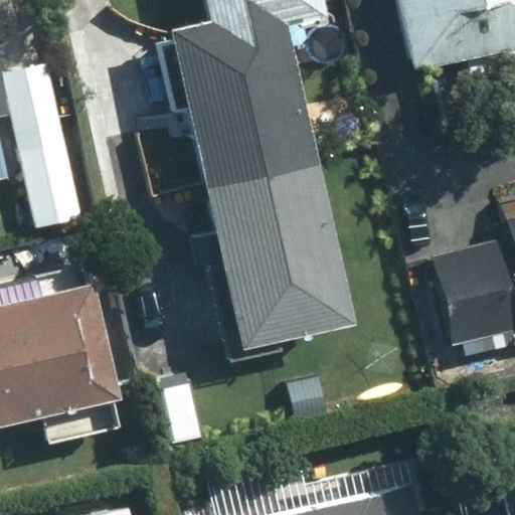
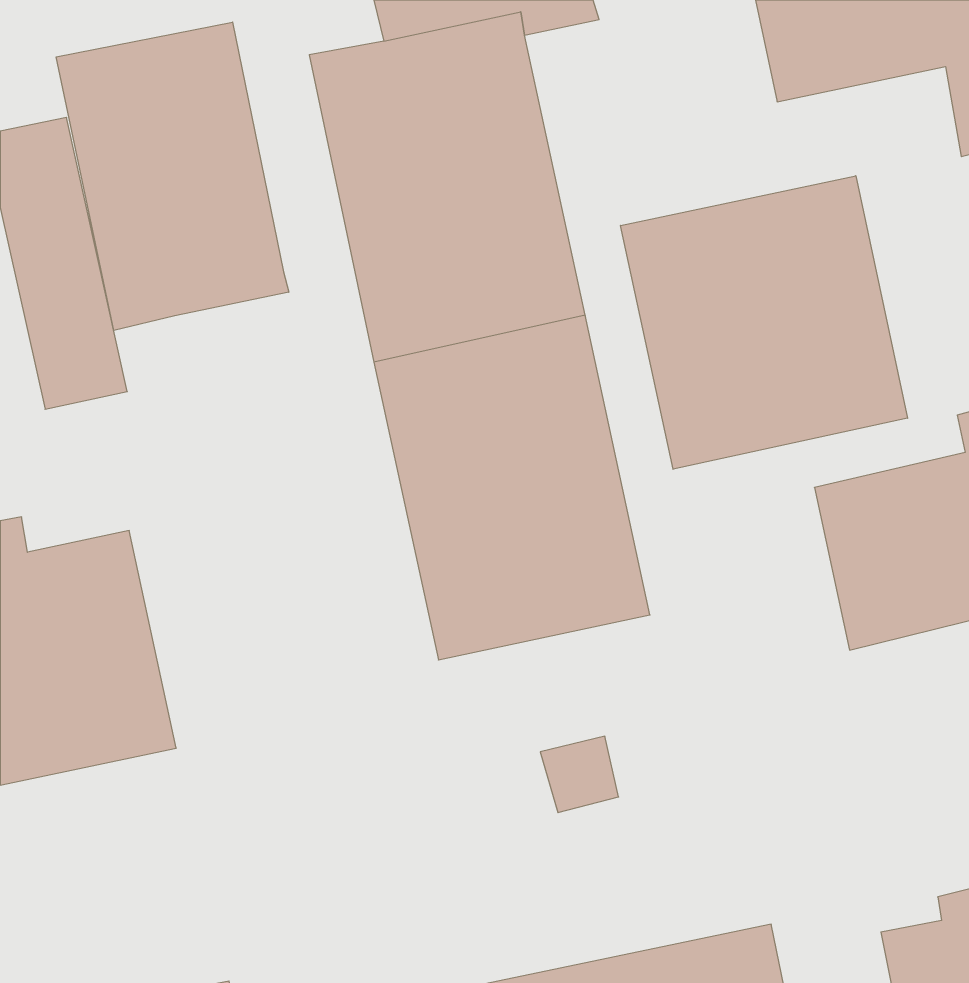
building: none -> [56,22,289,330]
building: none -> [621,176,908,469]

